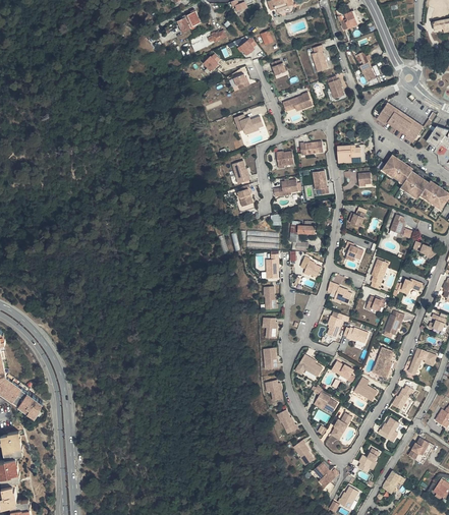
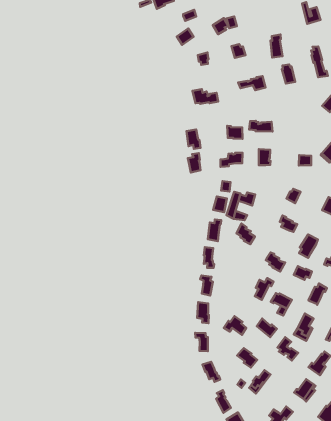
building: [337,145,366,164] -> none

